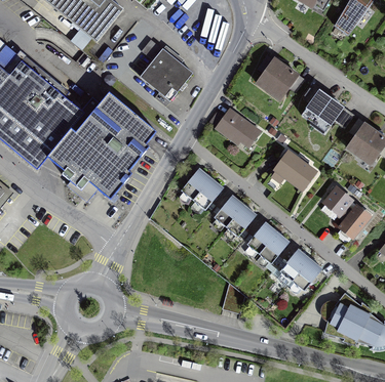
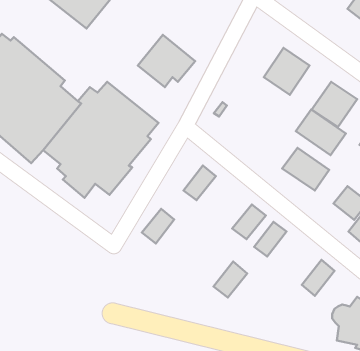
building: [215,109,262,152] -> [296,110,346,155]
building: [192,178,223,211] -> [142,209,174,243]
building: [214,195,244,227] -> none
building: [259,230,291,264] -> [214,262,247,297]
building: [278,248,310,281] -> none

